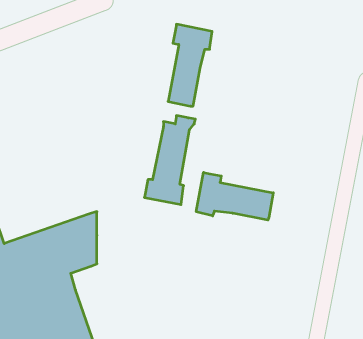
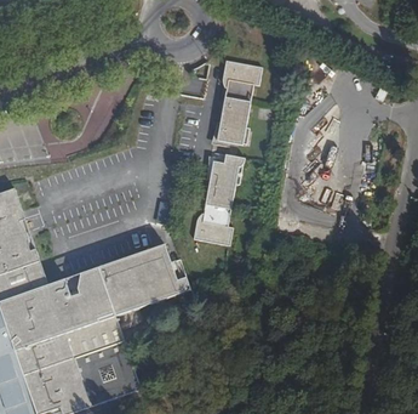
building: [196,172,273,220] -> none
building: none -> [142,245,187,306]

